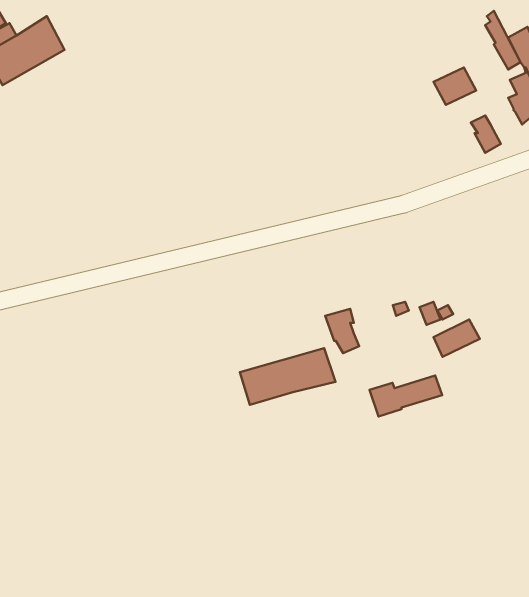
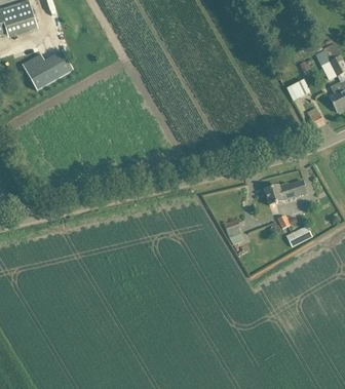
building: [240,348,335,405] -> none
building: [370,376,442,416] -> [264,181,306,204]

